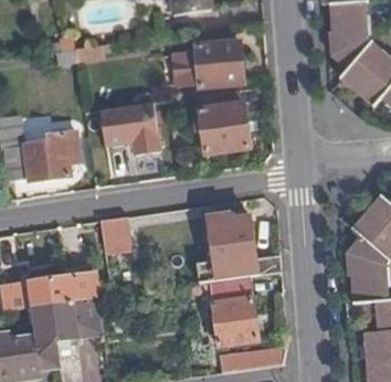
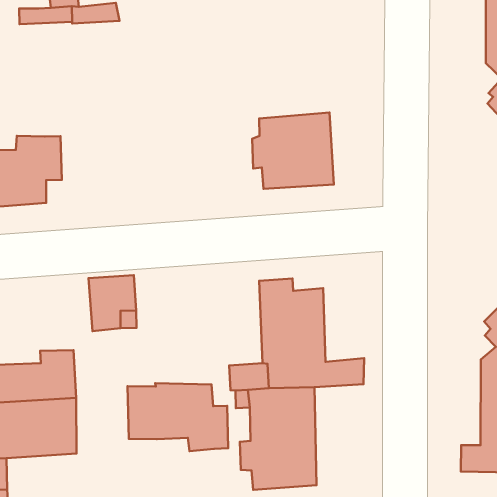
building: [175,38,242,86] -> none
building: [99,102,161,153] -> none
building: none -> [128,383,228,451]

